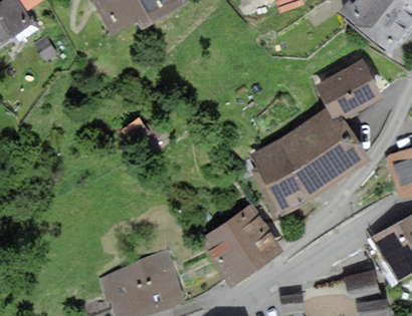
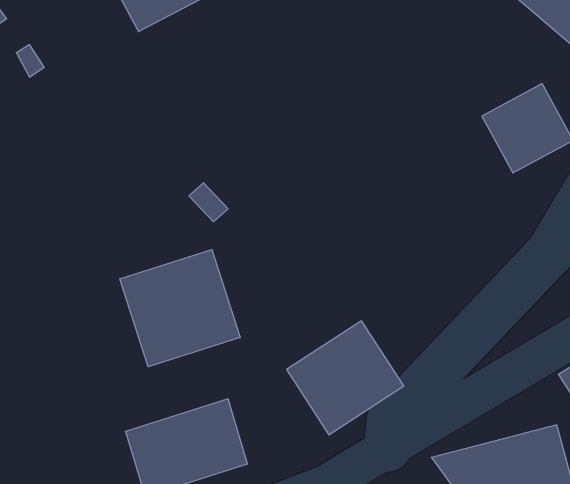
building: [248,115,365,213] -> none
building: none -> [120,250,240,367]

